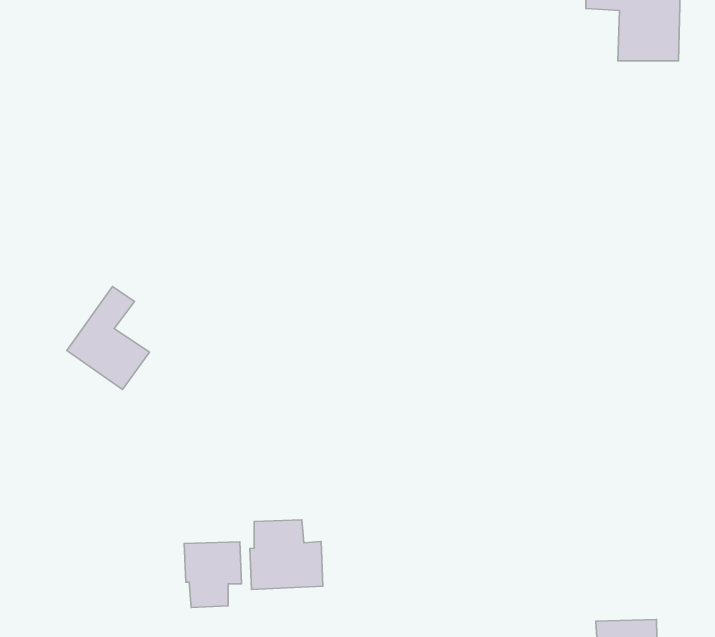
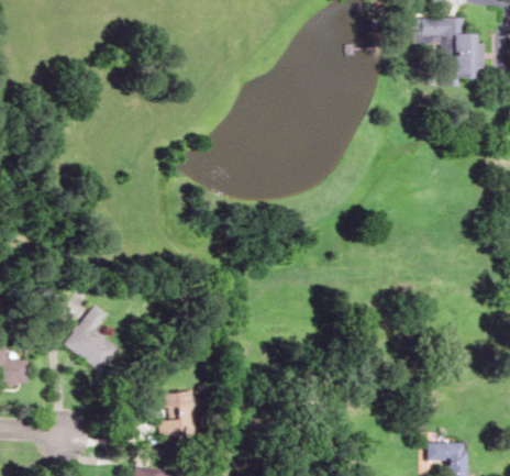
building: [67,286,150,389] -> [66,305,120,372]
building: [250,520,323,589] -> none

